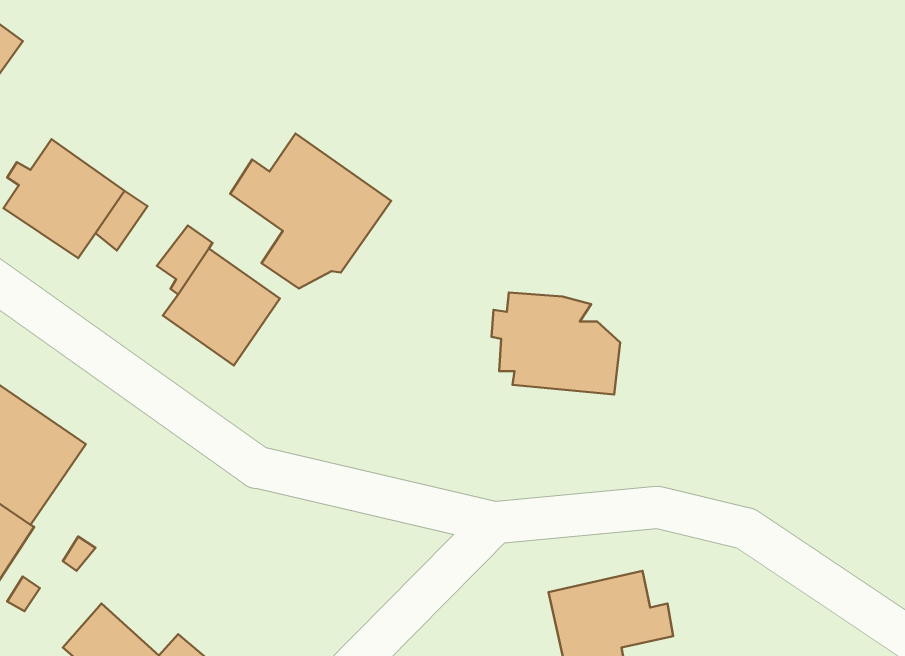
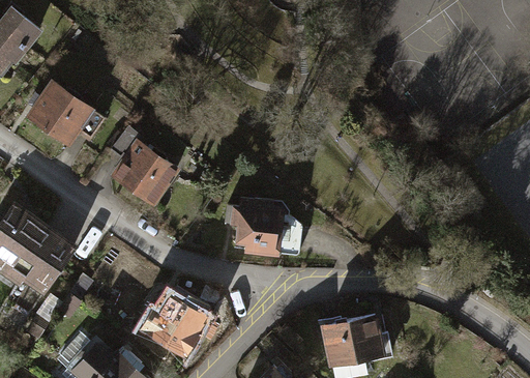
building: [230,134,391,289] -> none
building: [491,293,620,394] -> [232,199,301,254]
building: none -> [144,295,206,352]

